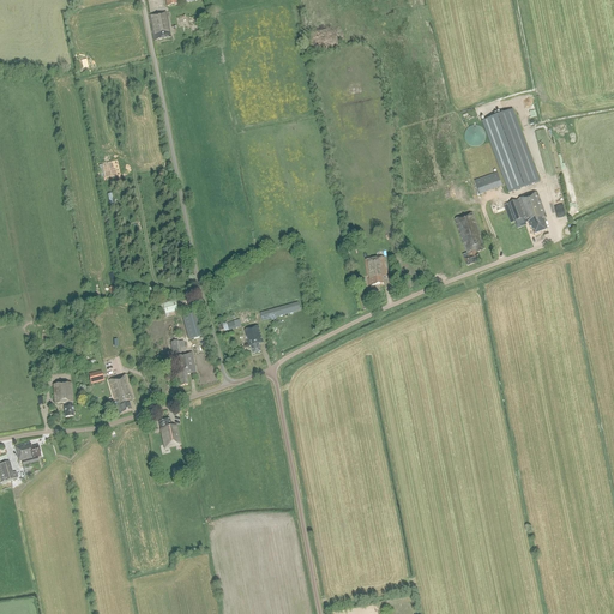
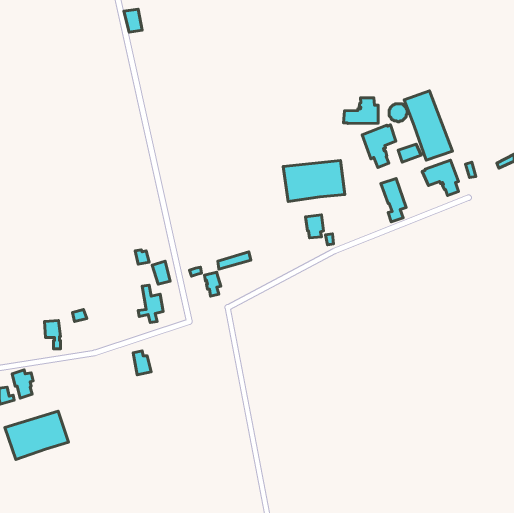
building: none -> [344,98,378,123]
building: none -> [362,125,396,167]
building: none -> [283,160,345,202]
building: [108,373,132,411] -> none
building: none -> [5,411,69,460]

